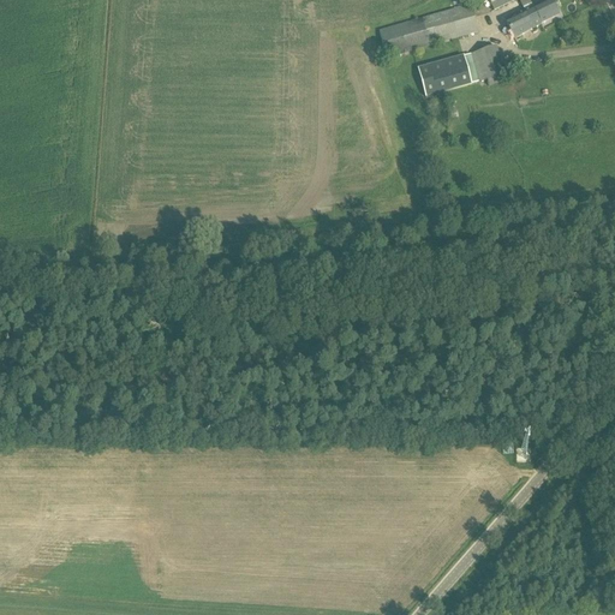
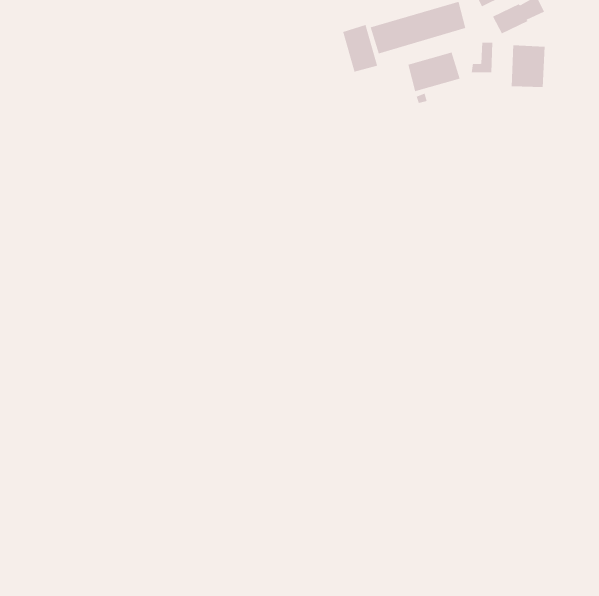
building: none -> [343,24,378,72]
building: none -> [511,44,545,88]

